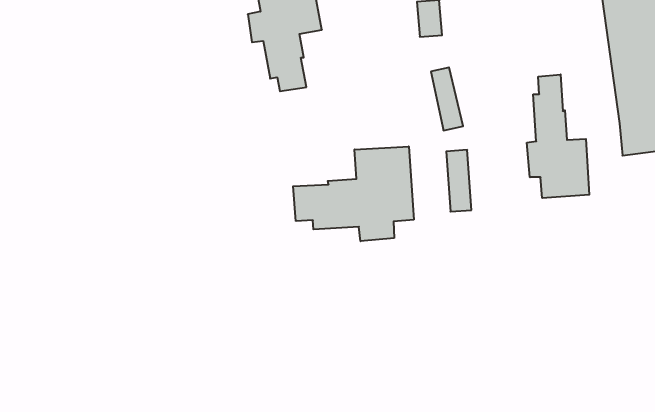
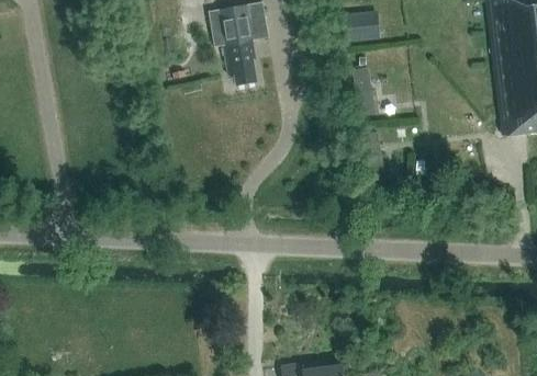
building: [527,74,589,198] -> none
building: [293,146,414,241] -> none

